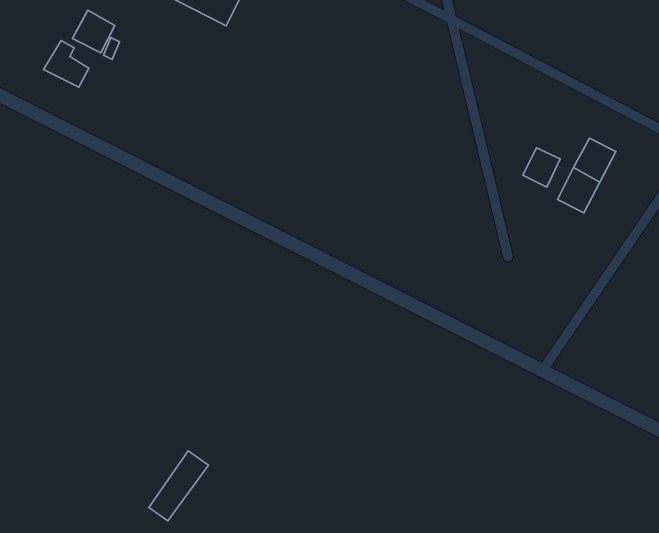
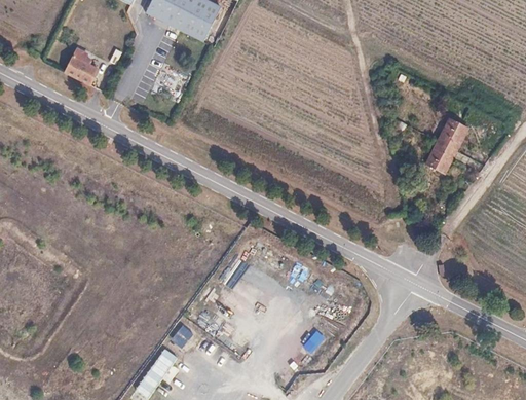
building: [73,10,115,53] -> none
building: [523,148,560,187] -> none

